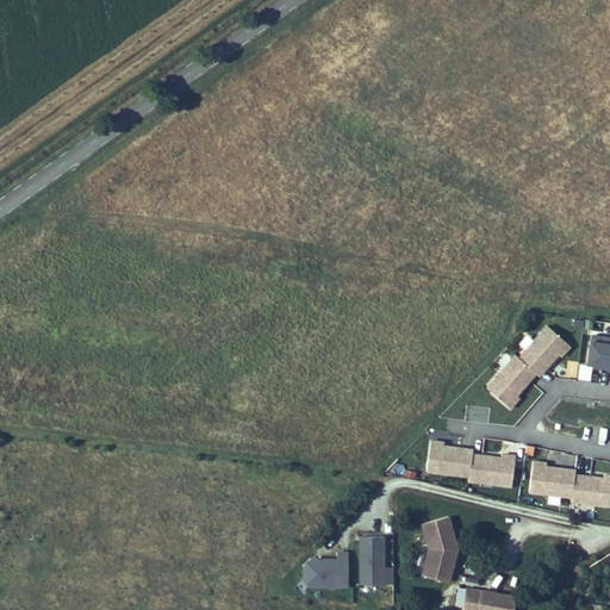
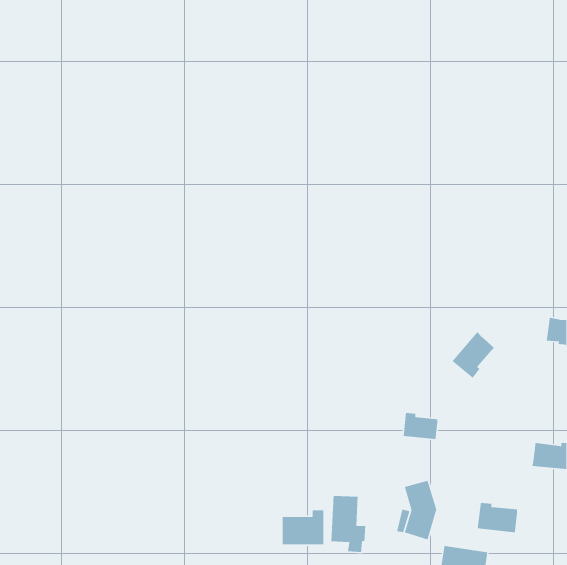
building: [517,330,567,379] -> none
building: [468,455,506,481] -> none
building: [530,465,574,498] -> [477,502,518,533]

